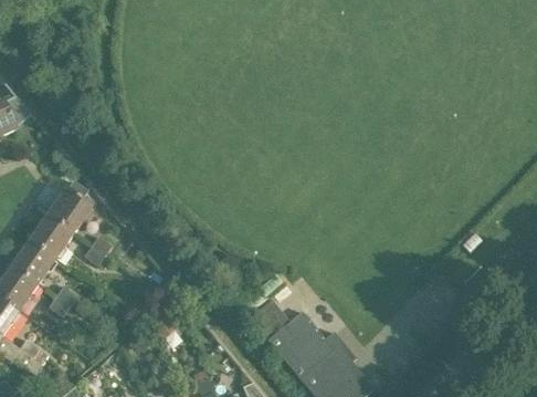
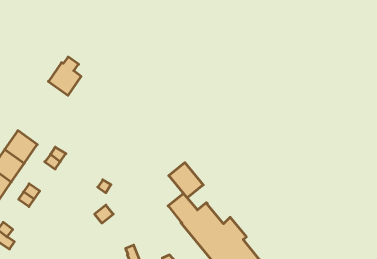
building: [46,182,91,234] -> [48,57,81,95]
building: none -> [169,163,203,198]

